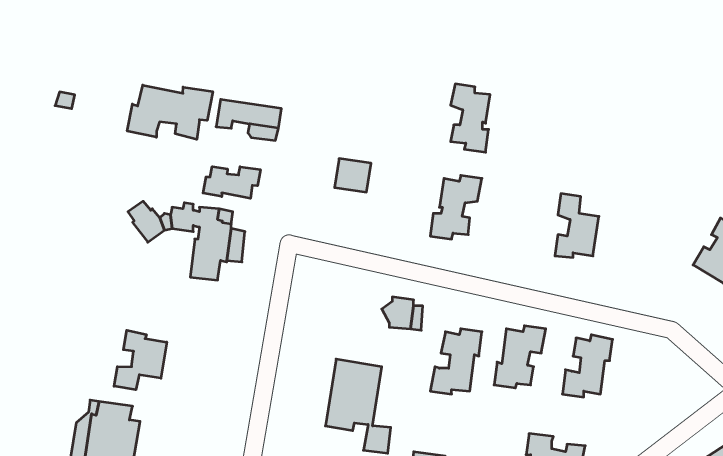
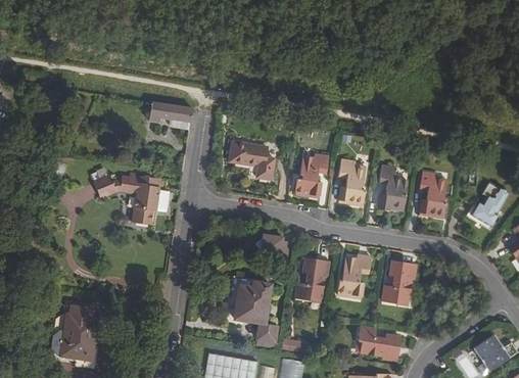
building: [451,84,490,152] -> [339,159,366,205]
building: [127,85,213,139] -> none
building: none -> [251,145,275,179]
building: [203,167,260,198] -> none
building: none -> [420,172,446,218]
building: [114,330,167,390] -> none

